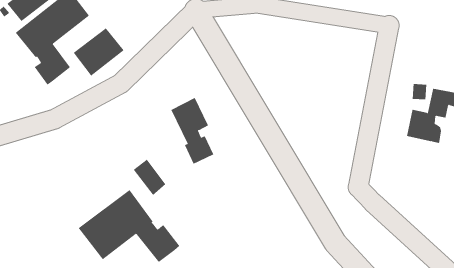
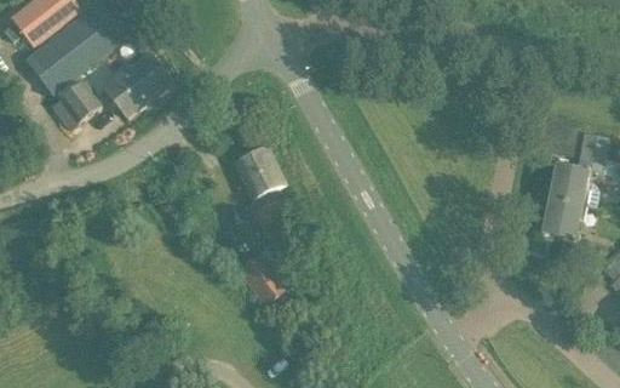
building: none -> [541,198,589,258]
building: [133,159,166,196] -> [239,255,283,304]
building: [78,189,180,263] -> none

